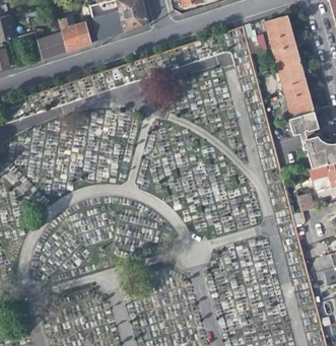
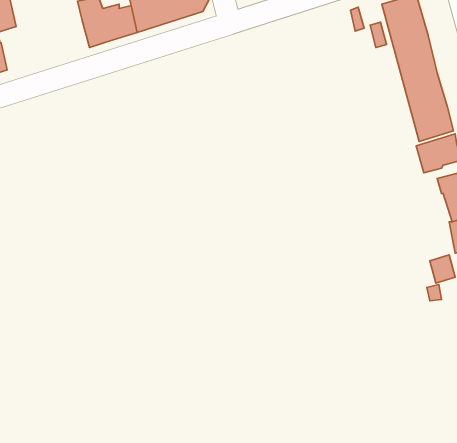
building: [38,31,66,58] -> none

